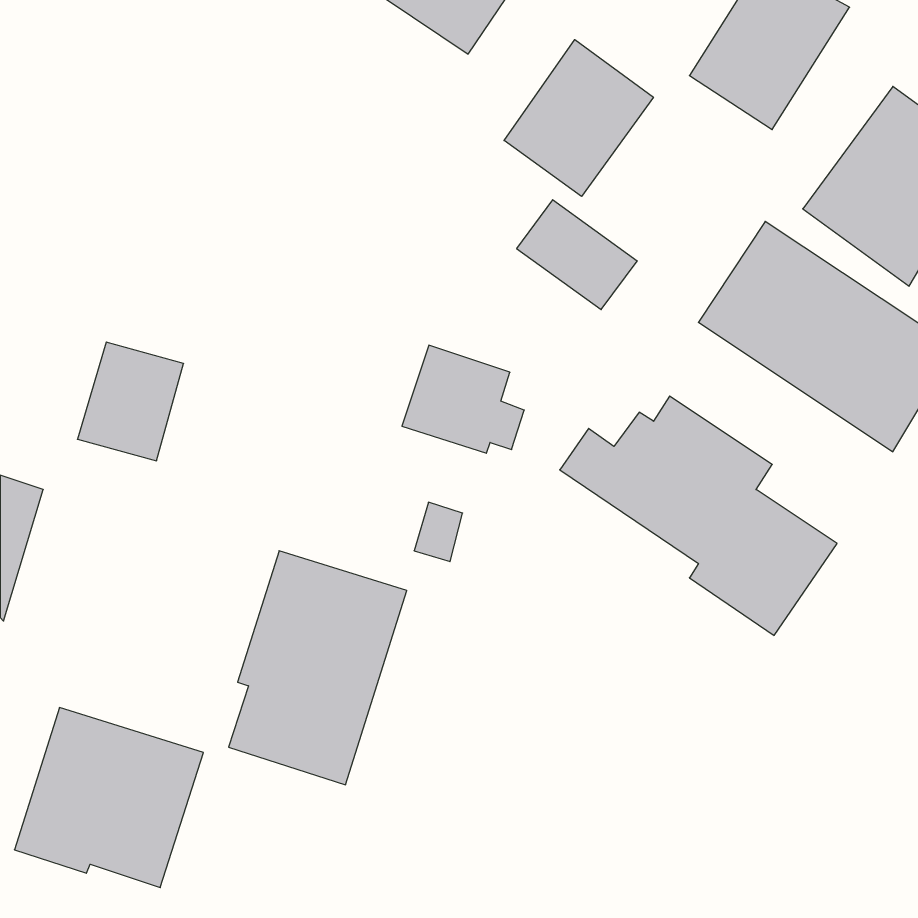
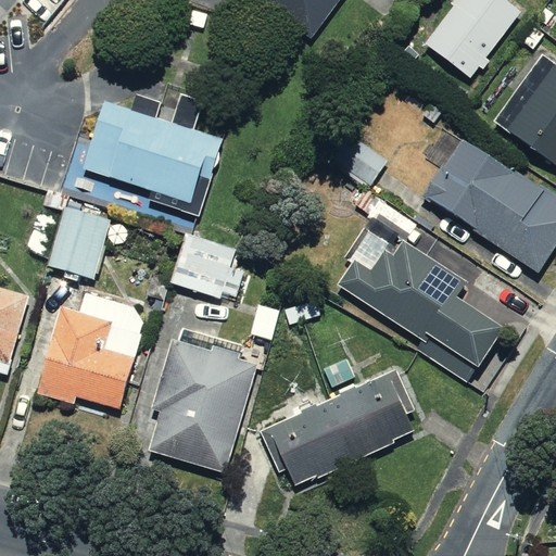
building: [504,40,653,196] -> none
building: none -> [83,92,224,214]
building: [402,345,524,453] -> [172,232,245,298]
building: none -> [277,374,424,485]
building: [14,708,203,888] -> [28,303,142,412]

